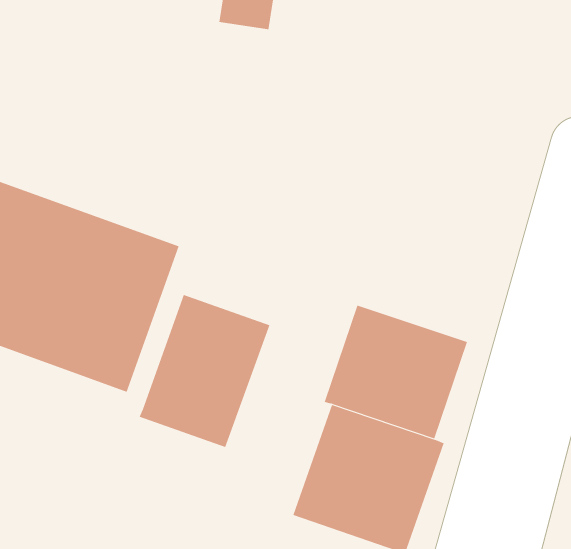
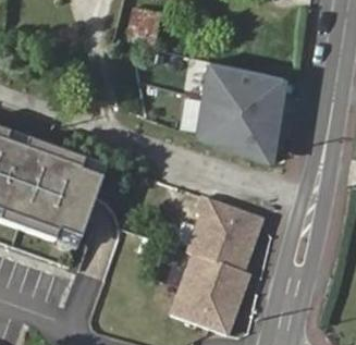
building: none -> [199,58,296,164]
building: [139,294,270,448] -> none

